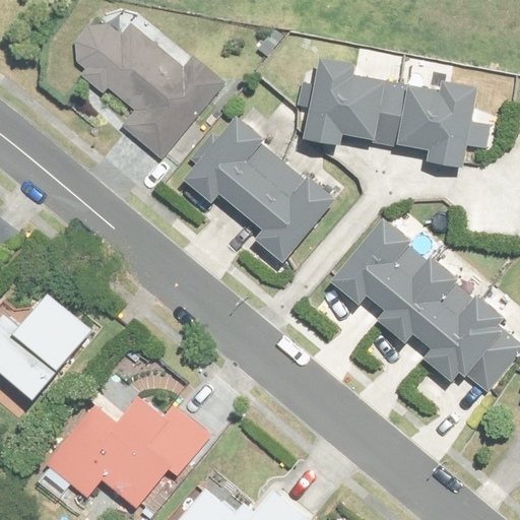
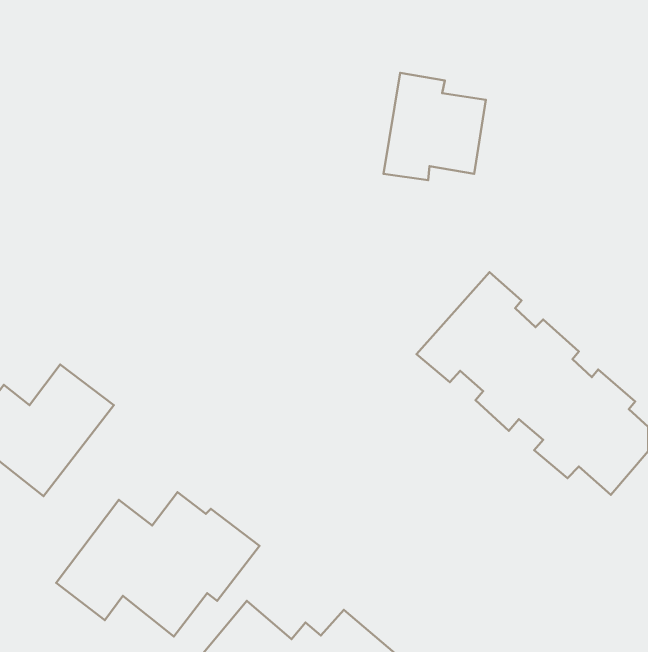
building: [73,23,221,161] -> none
building: [400,83,476,169] -> none
building: [183,116,335,262] -> none

